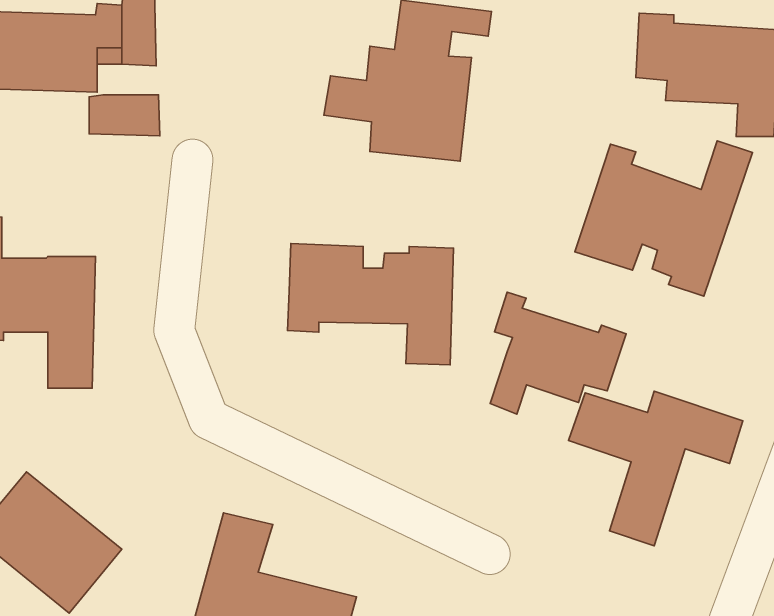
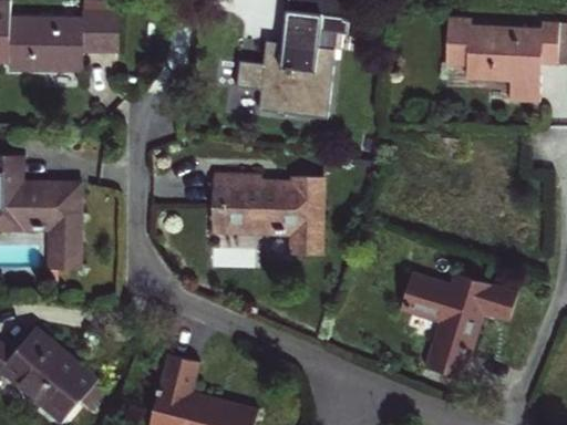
building: [89,95,160,136] -> none
building: [575,141,753,296] -> none
building: [490,292,626,414] -> none

